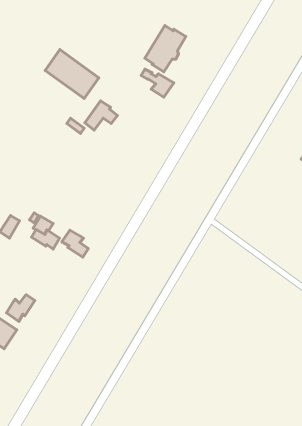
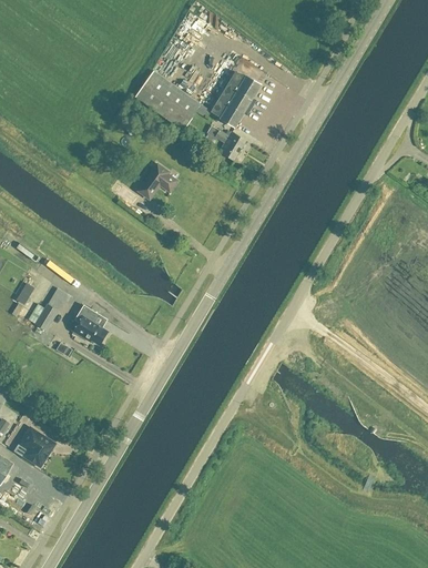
building: [45,50,99,99] -> [135,70,201,130]
building: [62,230,88,257] -> none
building: [6,295,35,321] -> none

